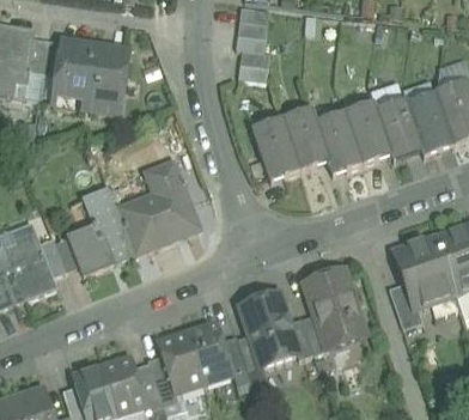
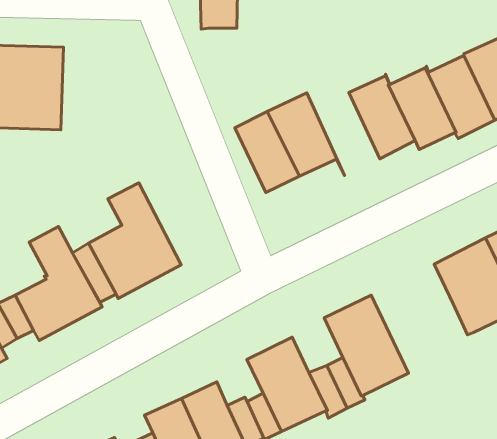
building: [237,48,269,79] -> none
building: [311,106,361,174] -> none
building: [389,282,422,328] -> none

